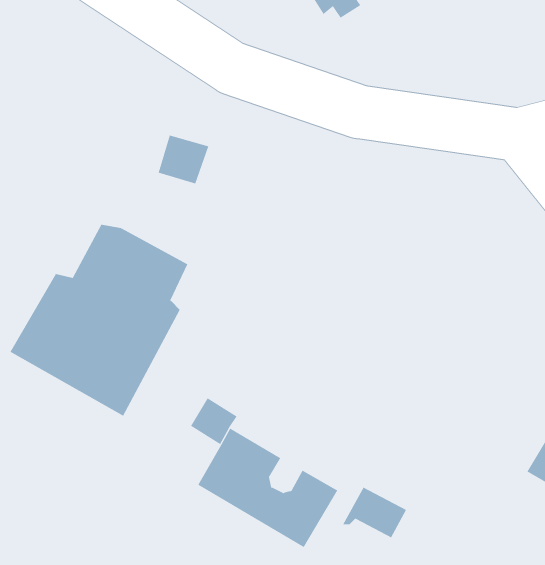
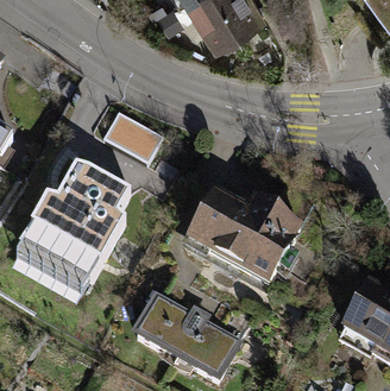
building: none -> [189,198,298,291]

